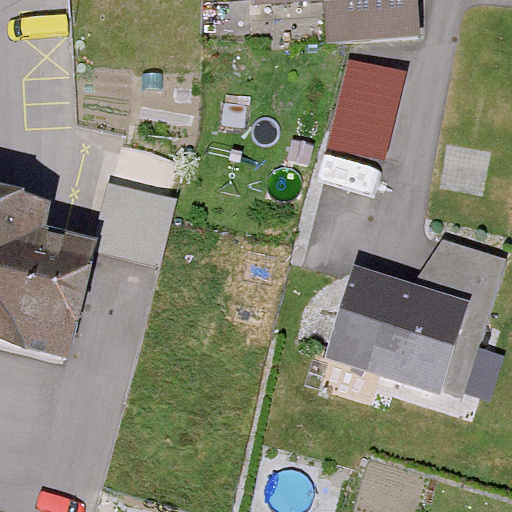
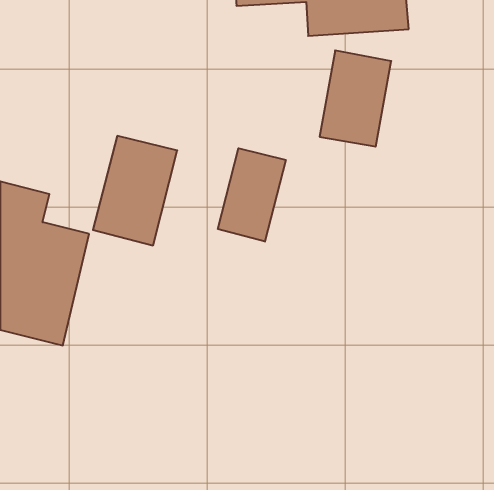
building: none -> [218,148,286,242]
building: [320,240,503,402] -> none

